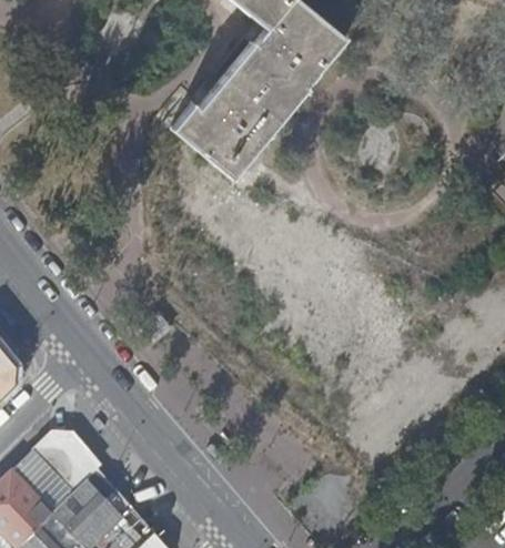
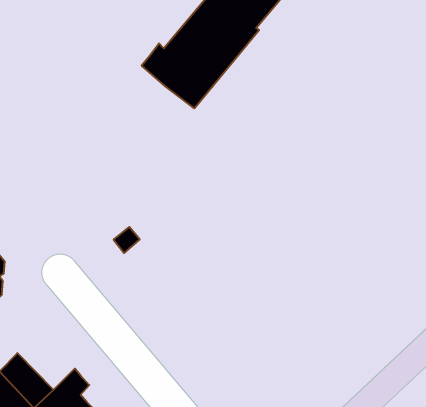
building: [33,440,99,497] -> none

